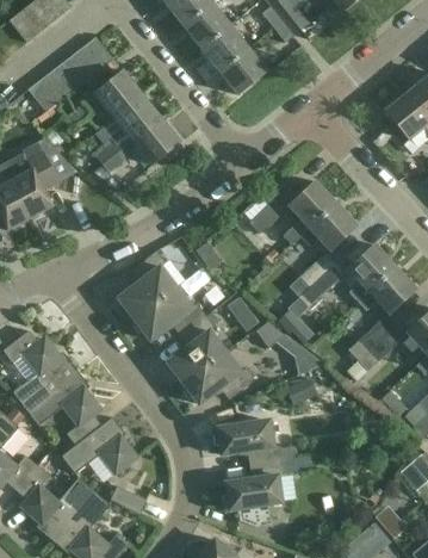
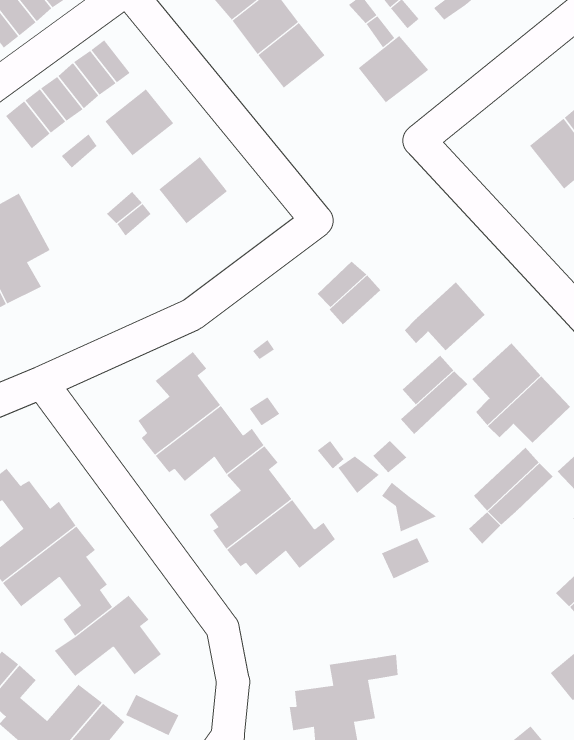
building: [218,48,267,94] -> [358,35,429,103]
building: [114,94,161,140] -> none
building: [283,181,336,244] -> none
building: [212,420,281,465] -> none

